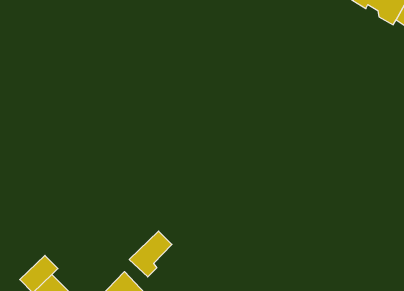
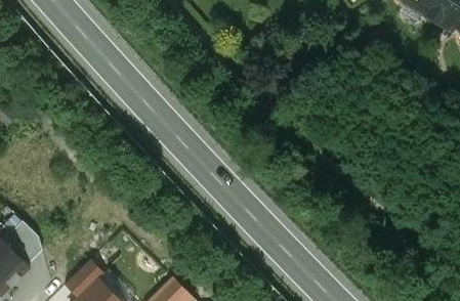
building: [129,231,172,277] -> none

